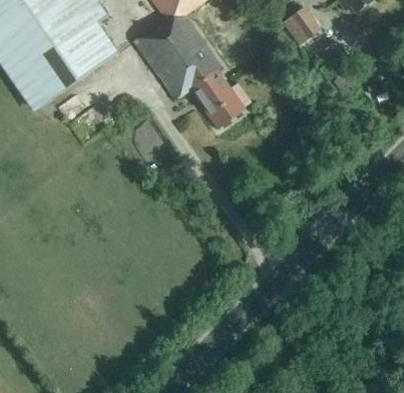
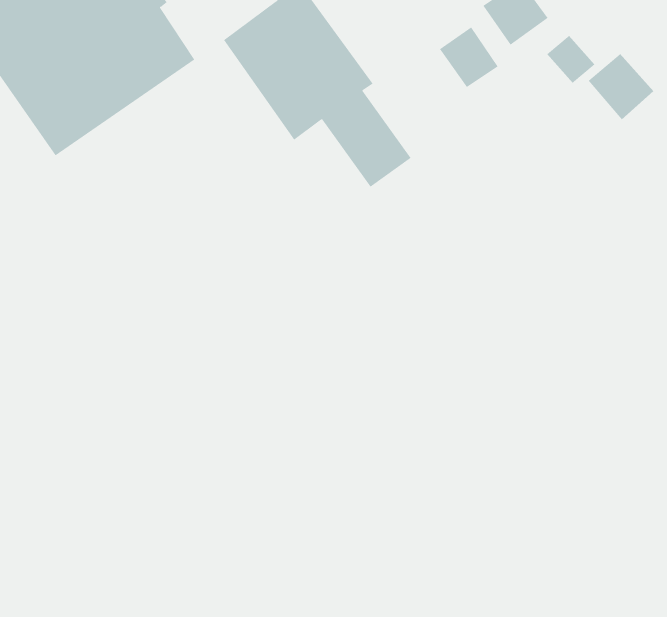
building: none -> [439,27,498,88]
building: none -> [588,53,654,120]

